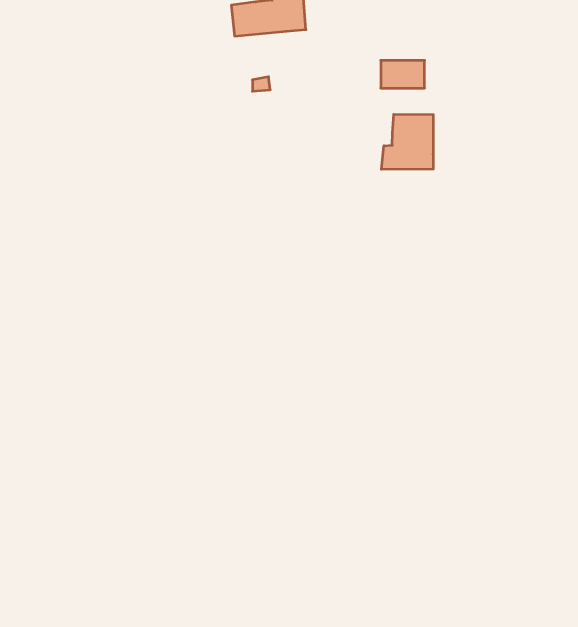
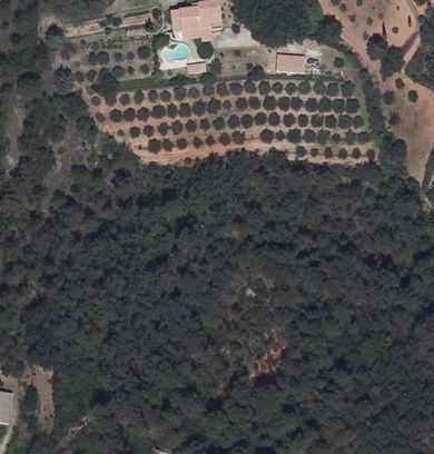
building: [381,114,433,169] -> none

